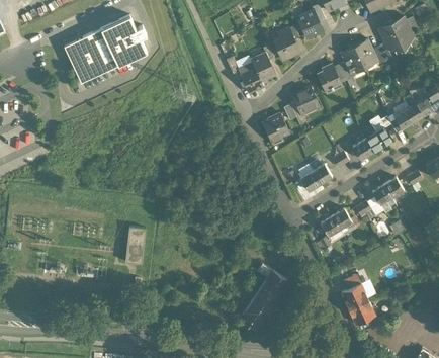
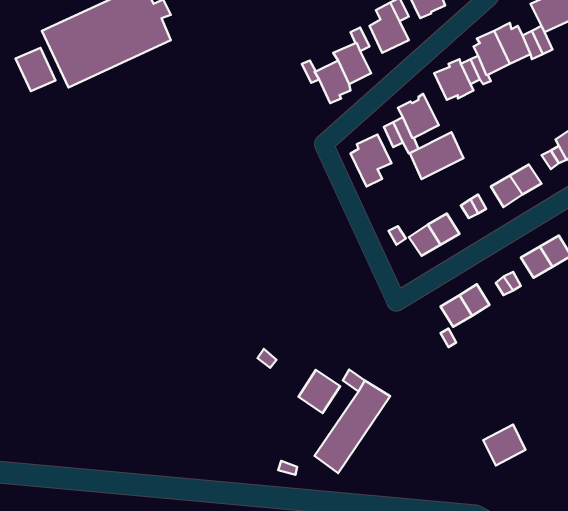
building: none -> [16,48,56,91]
building: none -> [410,132,463,179]
building: [125,226,145,263] -> none
building: none -> [298,370,340,413]
building: [339,283,366,308] -> none

